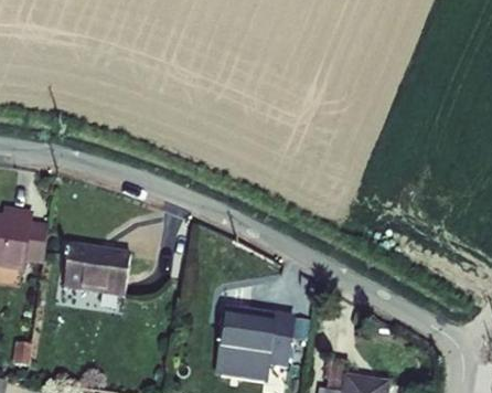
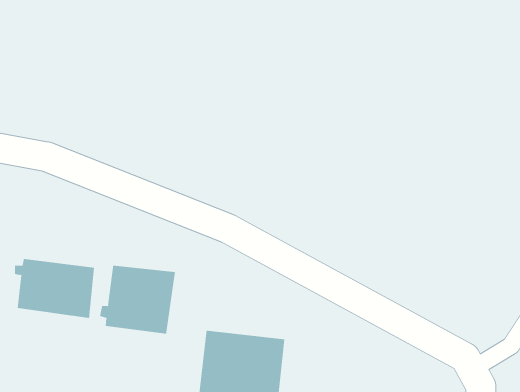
building: none -> [99,265,176,334]

